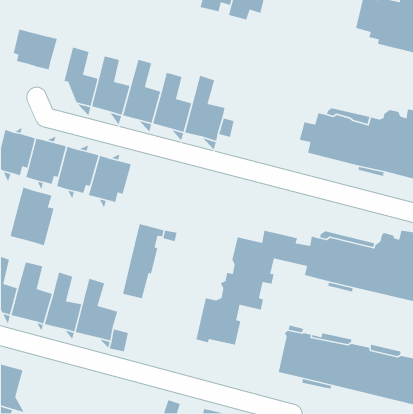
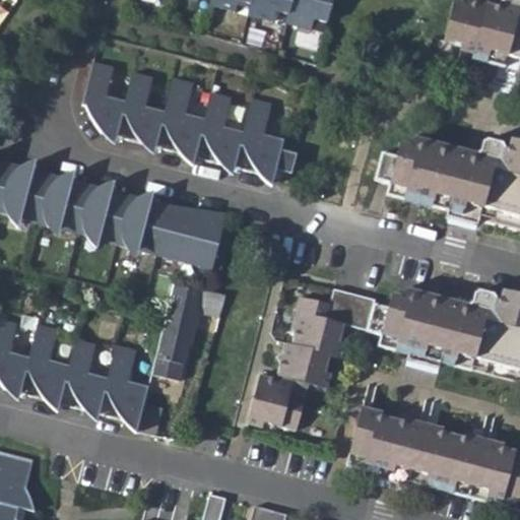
building: [13,29,58,70] -> none
building: none -> [157,204,224,270]
building: [9,187,54,246] -> none

